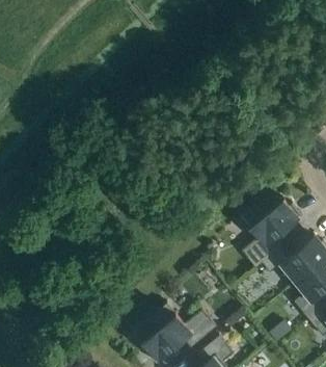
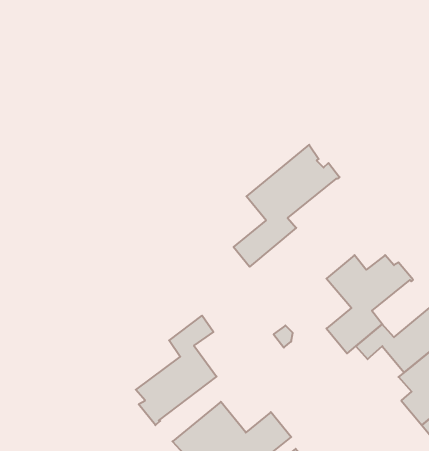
building: none -> [234,145,340,267]
building: none -> [136,316,217,425]

